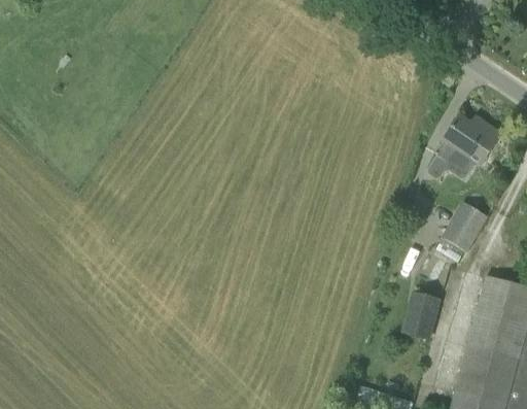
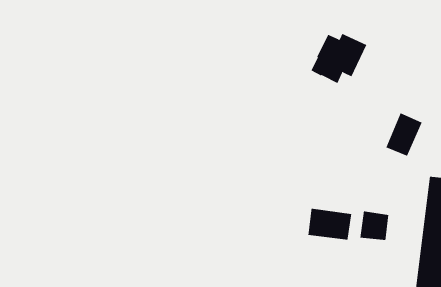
building: [435,115,501,171] -> [310,33,367,84]
building: none -> [308,208,352,240]

